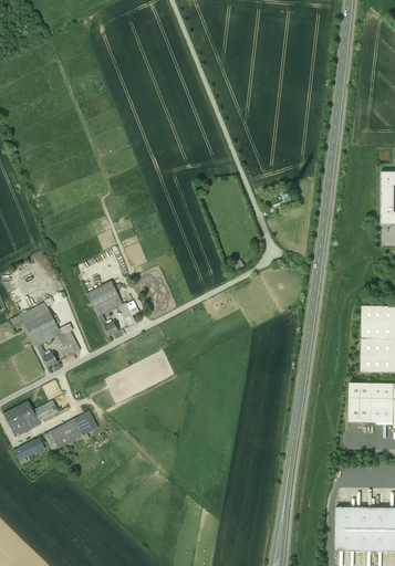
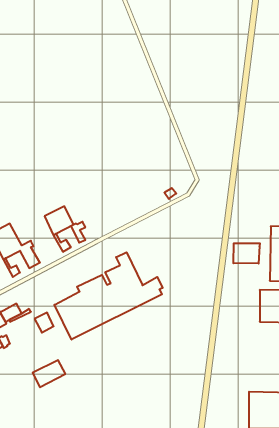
building: none -> [233,243,260,264]
building: none -> [54,252,163,340]
building: [43,418,83,451] -> [33,360,65,387]

